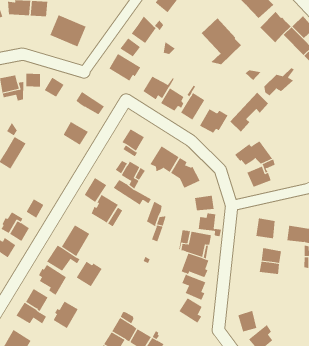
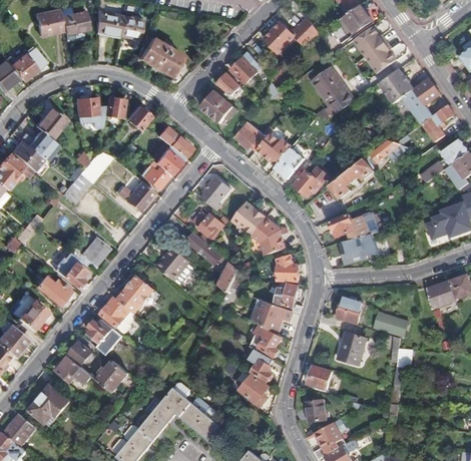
building: none -> [153,143,181,173]
building: [84,177,107,203] -> [125,180,153,209]
building: [76,261,102,287] -> none
building: none -> [308,366,332,389]

